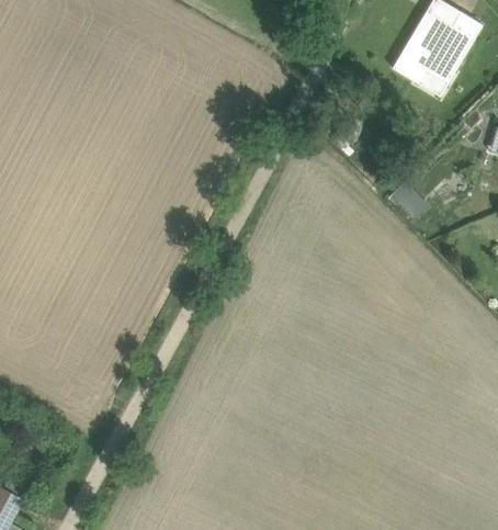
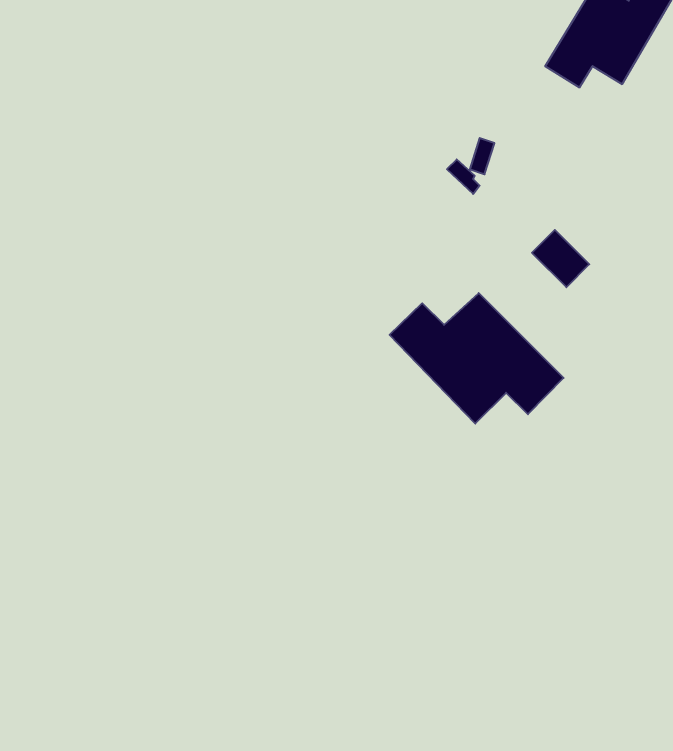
building: none -> [390,293,564,424]

